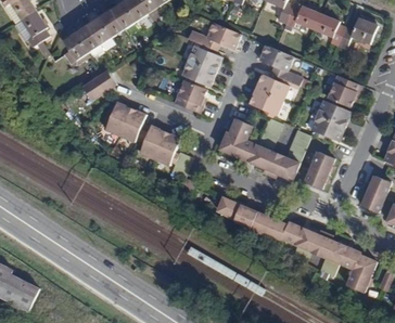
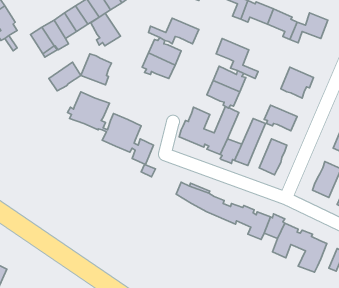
building: none -> [91,13,120,46]
building: [174,80,206,113] -> [81,54,112,85]
building: [317,98,352,127] -> none

